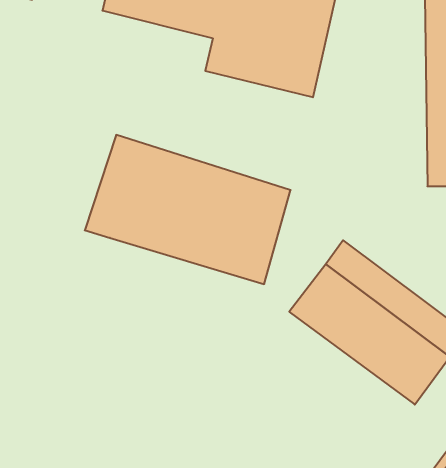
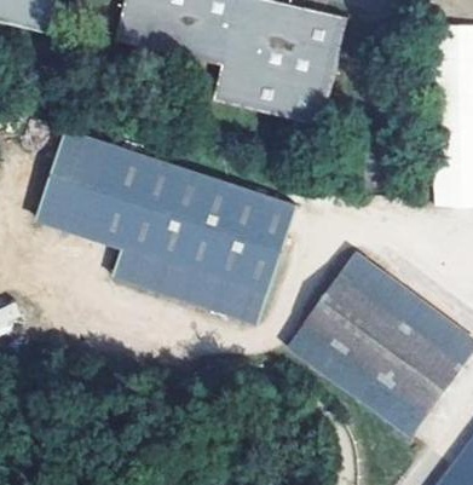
building: none -> [46,137,134,246]
building: none -> [119,253,277,329]
building: none -> [284,324,422,437]

